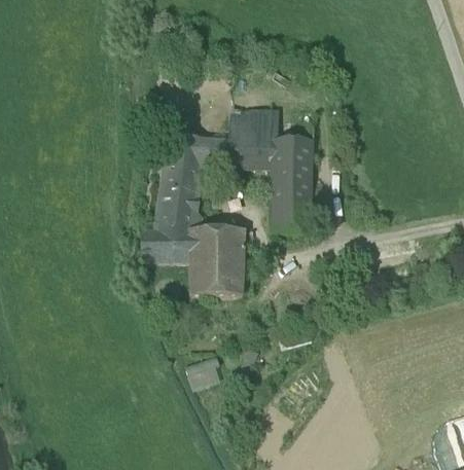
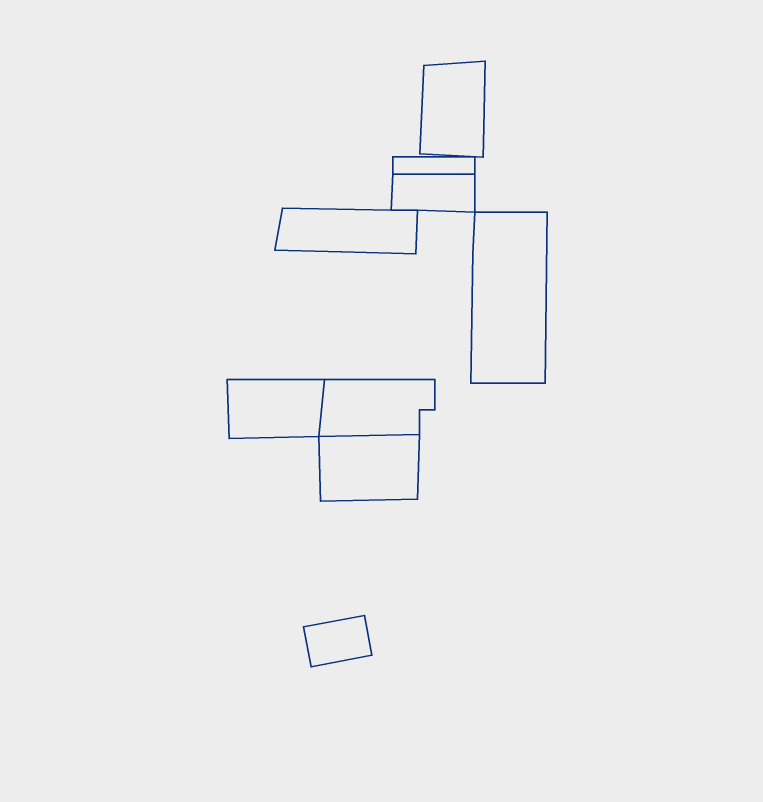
building: none -> [420,61,485,157]
building: [242,137,274,160] -> none
building: [156,158,202,228] -> none

